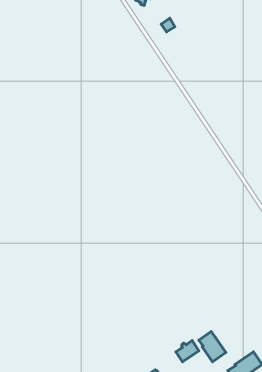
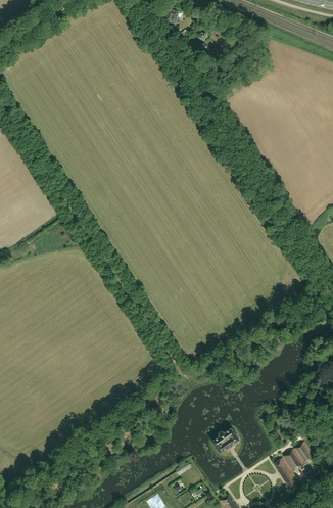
building: [199,331,226,362] -> none

